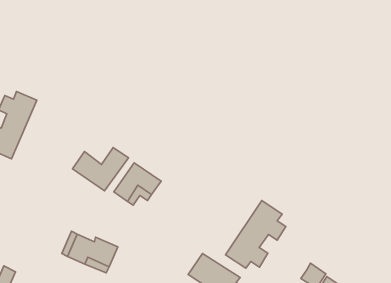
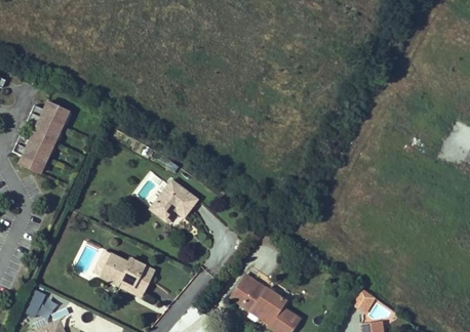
building: [73,147,128,191] -> none
building: [226,201,286,268] -> none

